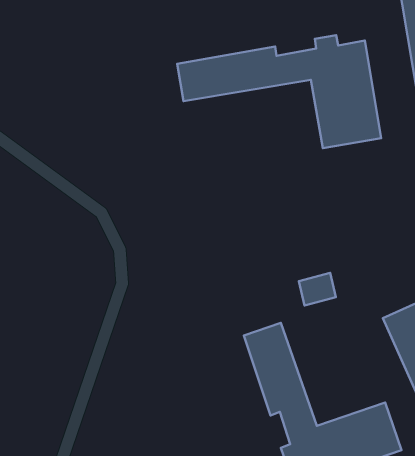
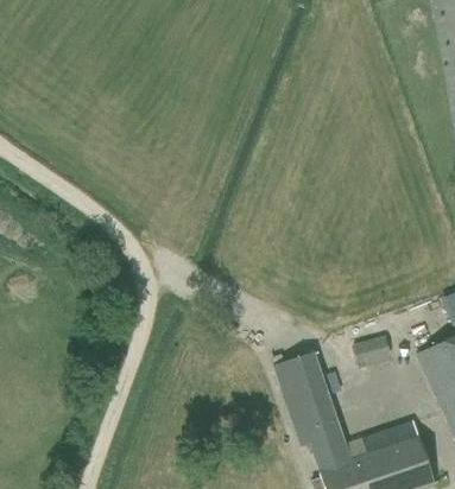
building: [177,35,381,148] -> none
building: [299,273,336,305] -> [353,332,391,366]

